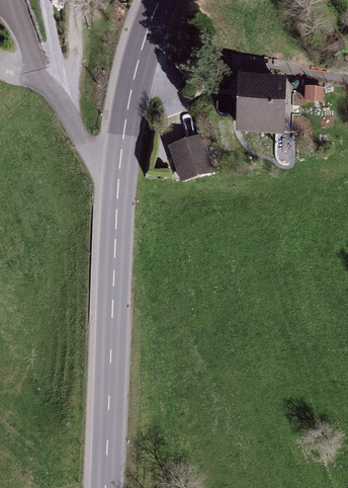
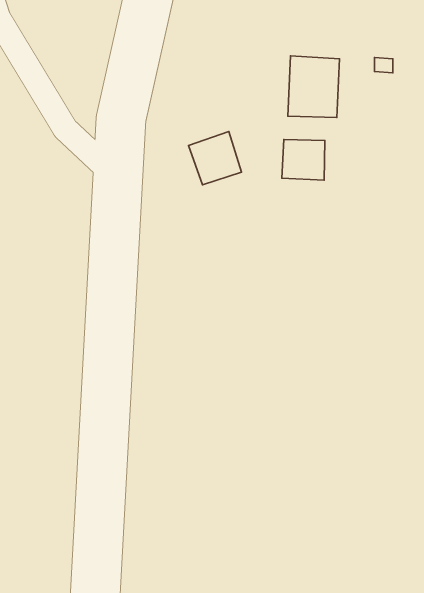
building: none -> [282,140,325,180]

